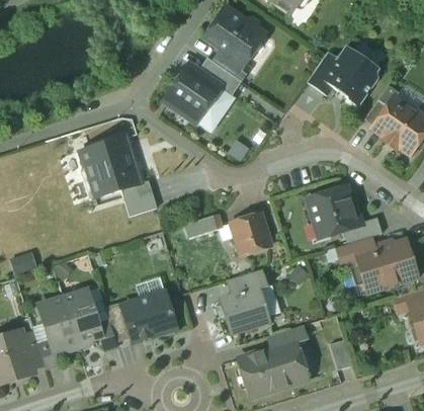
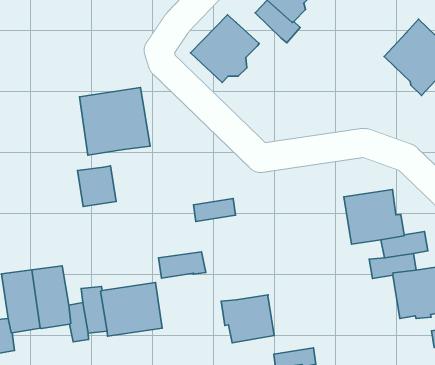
building: [307,51,338,94] -> none
building: [198,57,237,92] -> none
building: [122,179,158,216] -> [77,166,116,206]
building: [232,213,269,253] -> none
building: [228,269,268,296] -> [158,252,206,278]

